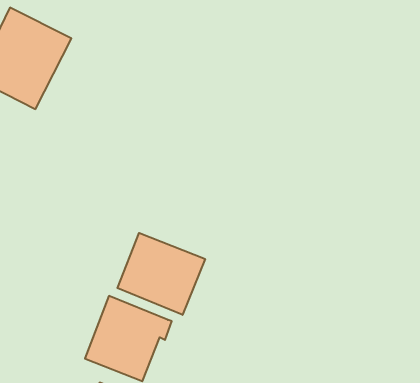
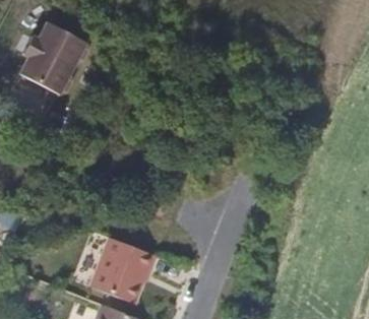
building: [117,233,205,315] -> none

